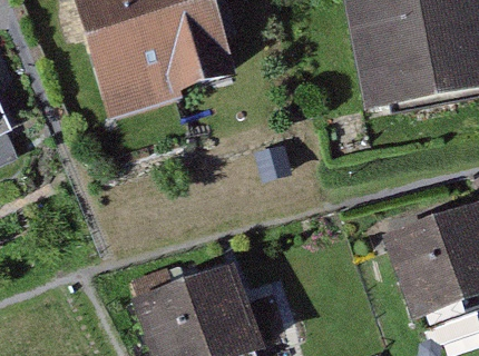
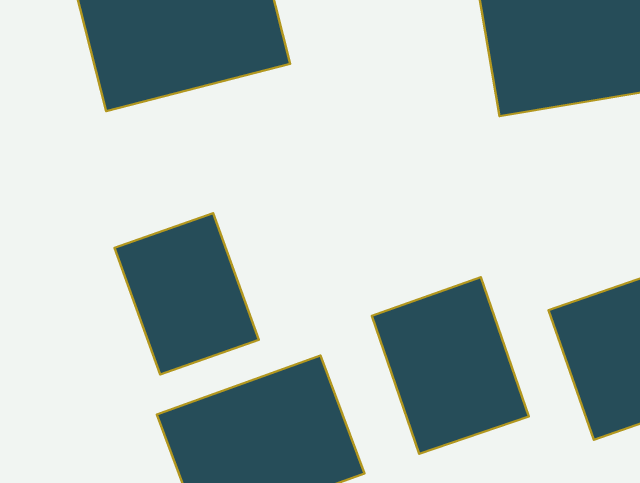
building: none -> [114,213,259,374]
building: none -> [372,277,529,454]

